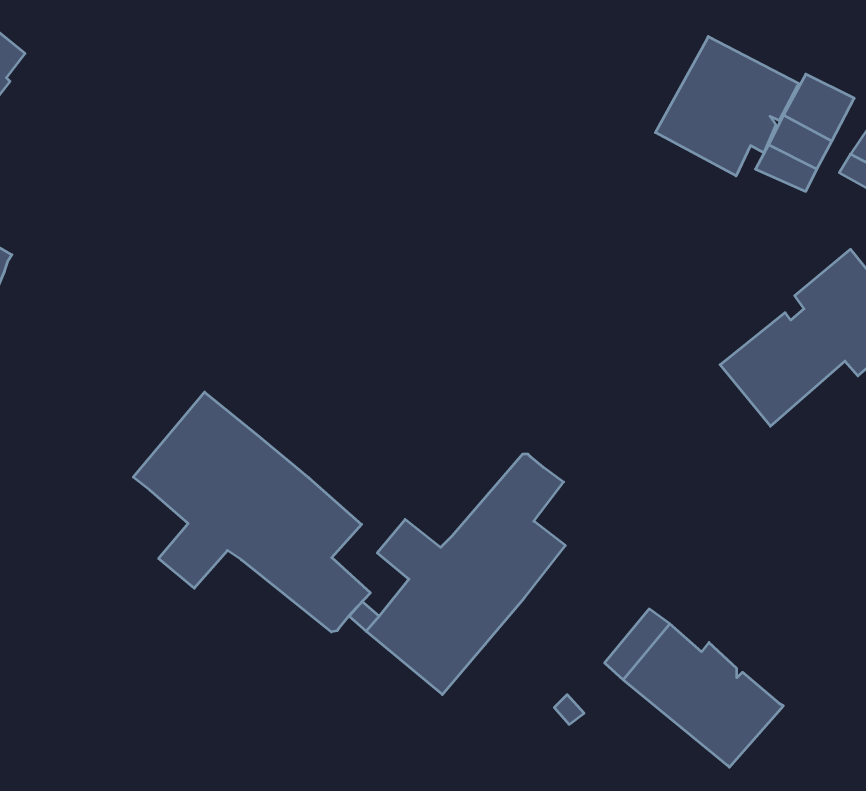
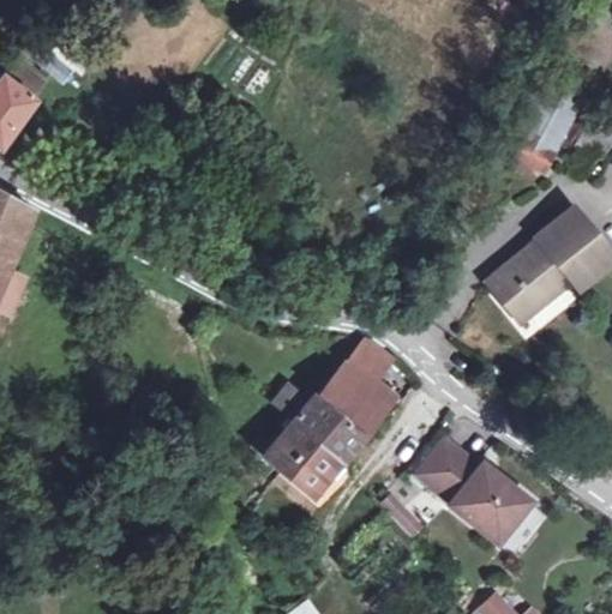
building: [655,36,800,176] -> none
building: [133,392,370,632] -> none

